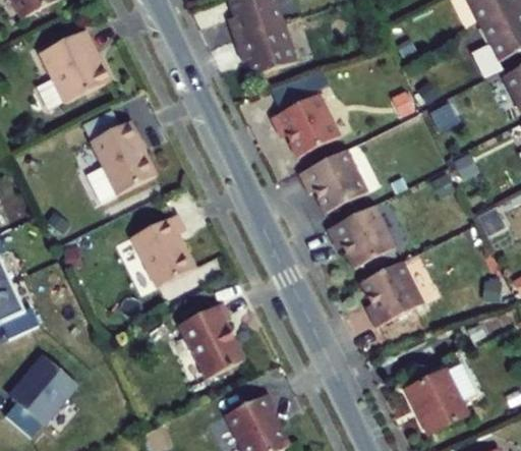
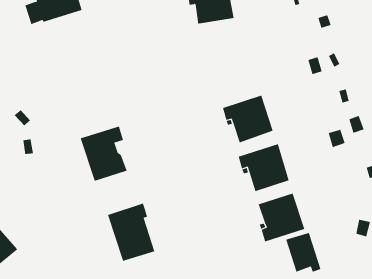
building: [270,94,338,156] -> none
building: [86,120,156,202] -> none
building: none -> [286,232,321,273]

